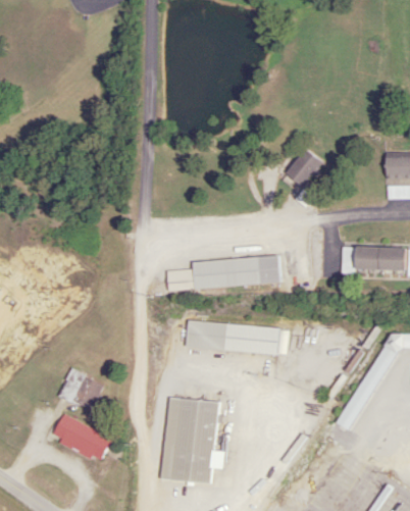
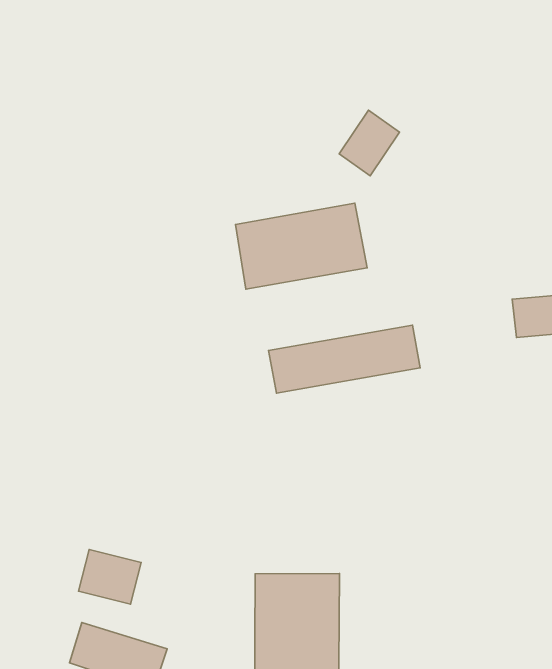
building: [286,148,323,188] -> [339,110,399,176]
building: none -> [235,203,367,289]
building: [186,320,288,355] -> none

